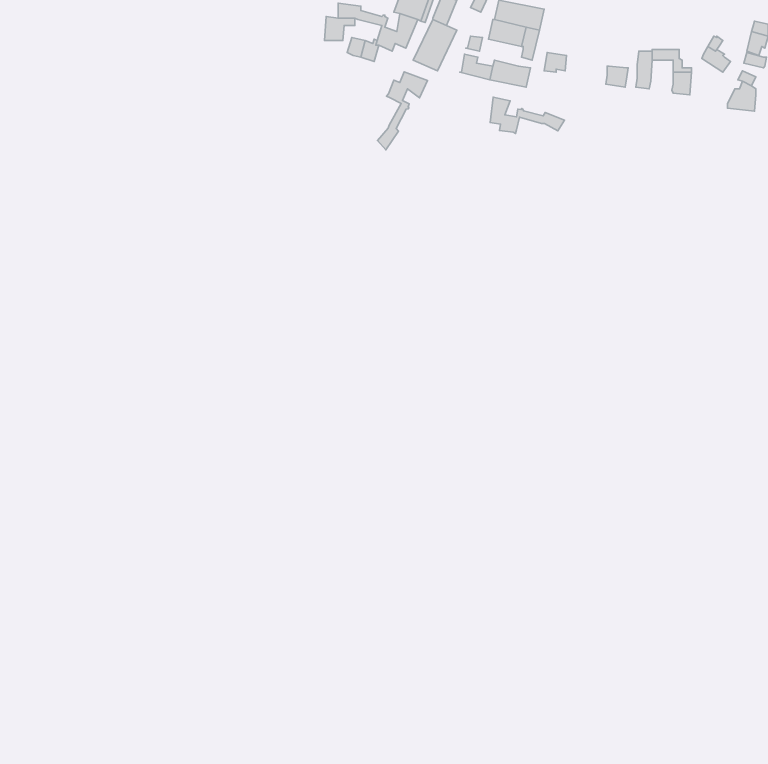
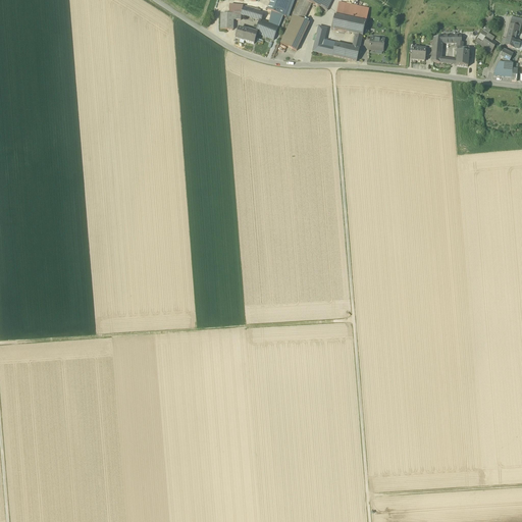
building: [378,72,428,150] -> none
building: [490,97,565,134] -> none

